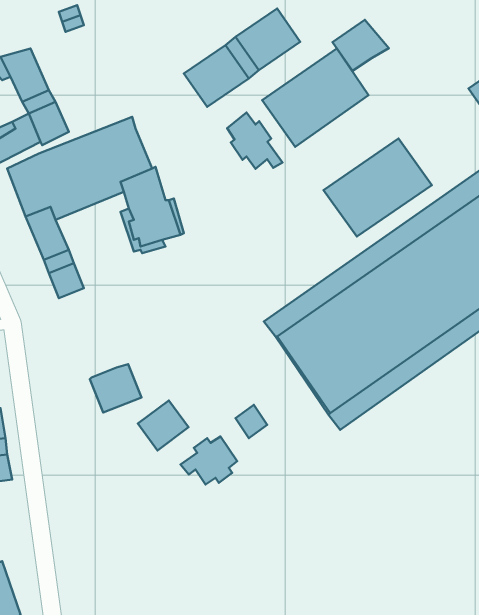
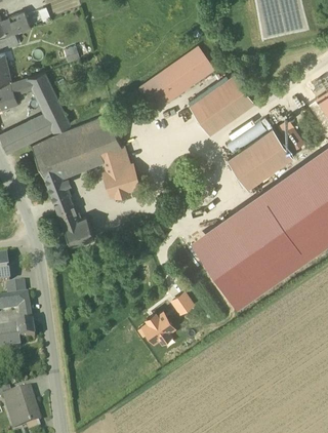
building: [332,20,389,71] -> none
building: [227,112,282,169] -> none
building: [90,364,141,412] -> [63,219,94,248]
building: [138,400,188,451] -> none

